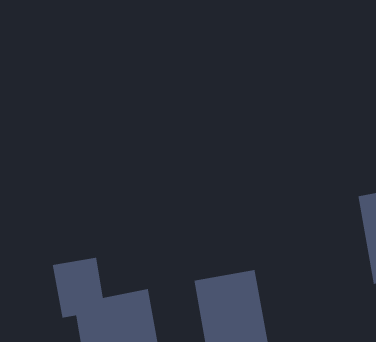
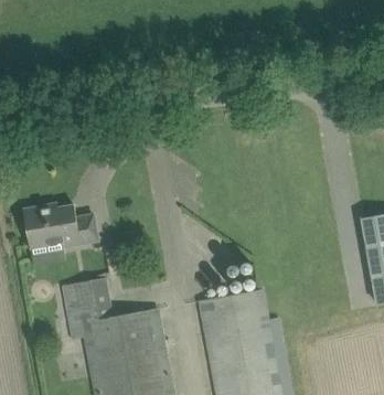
building: none -> [22,205,96,248]

